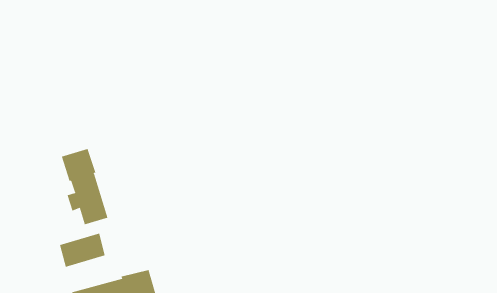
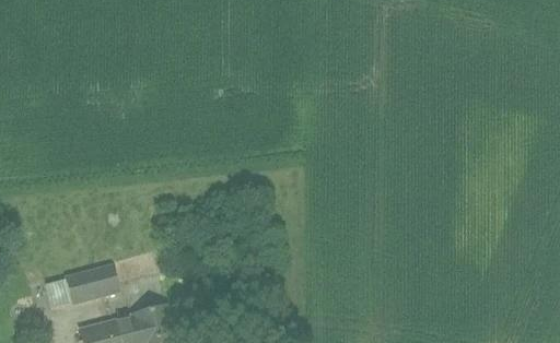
building: [61,148,108,225] -> none

